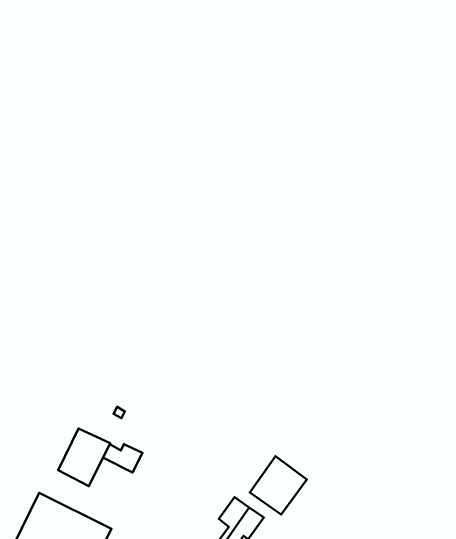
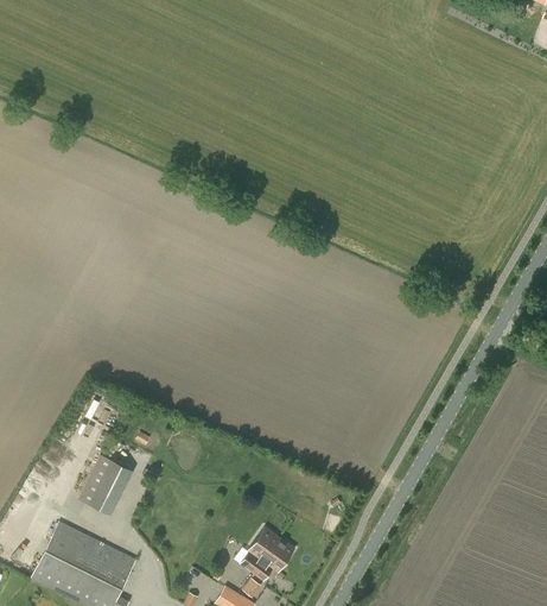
building: [103,444,143,473] -> none
building: [250,456,307,514] -> none

